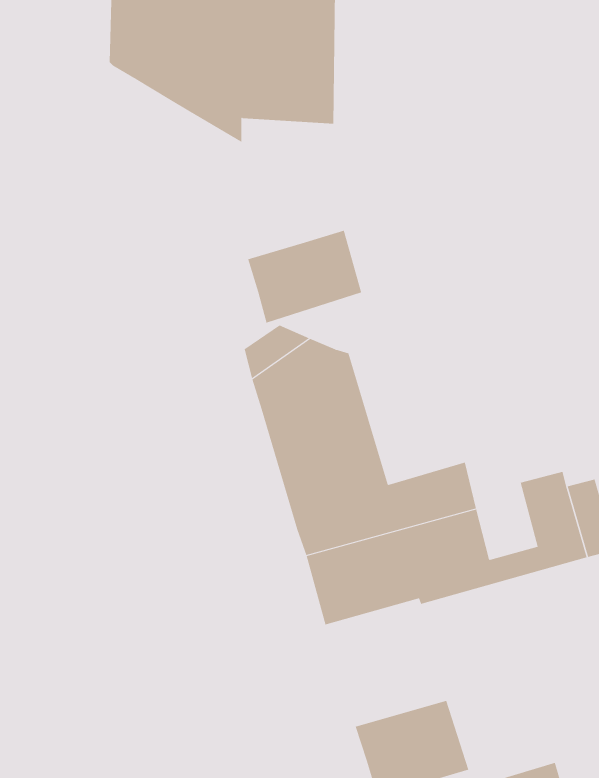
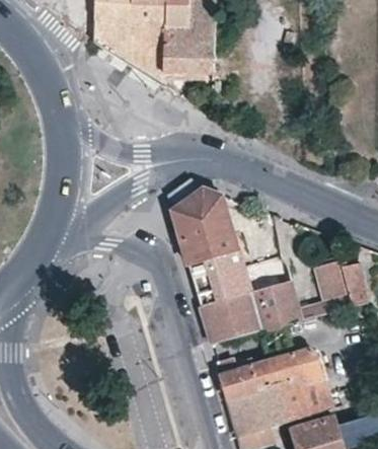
building: [247,230,362,323] -> none
building: none -> [216,350,331,421]

